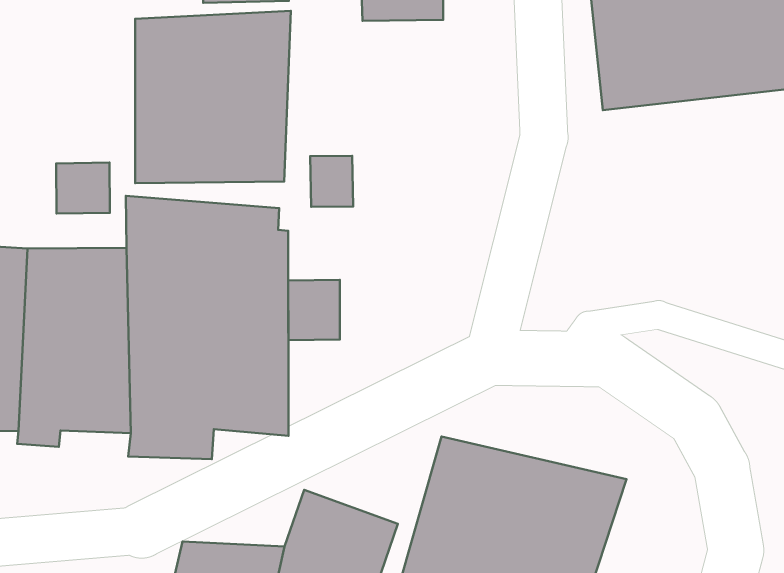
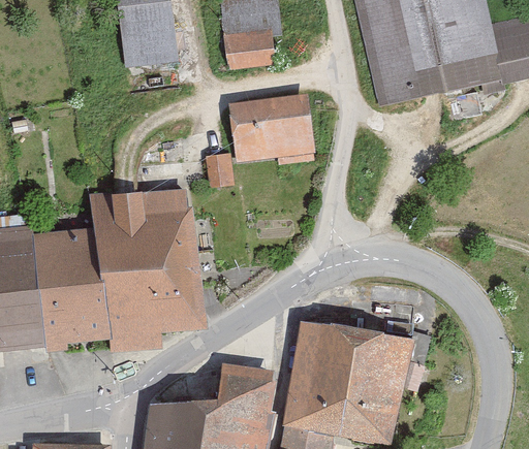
building: [135,11,291,183] -> none
building: none -> [226,94,314,161]
building: [56,163,110,214] -> none
building: [288,280,340,340] -> none

